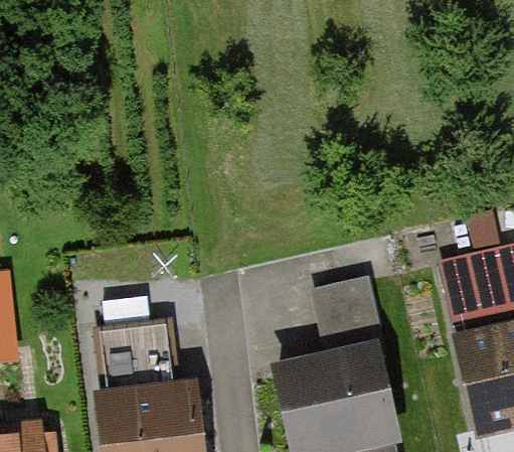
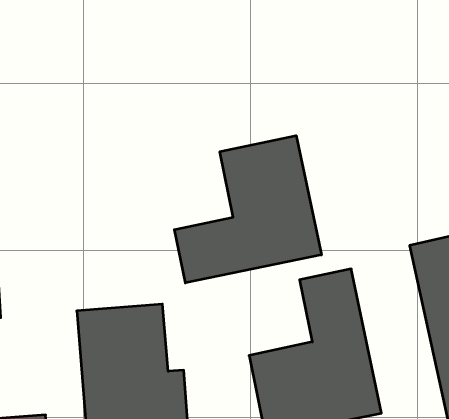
building: none -> [174,136,321,283]

